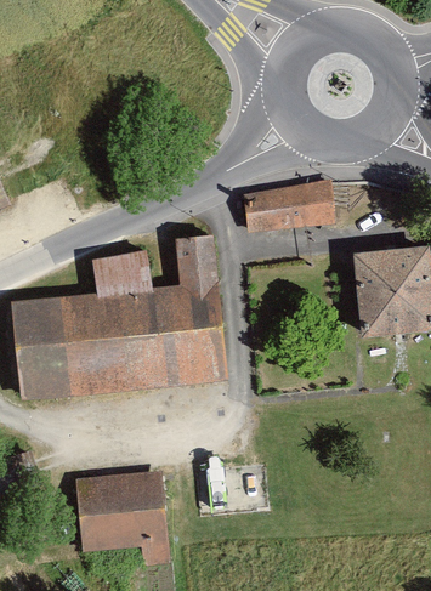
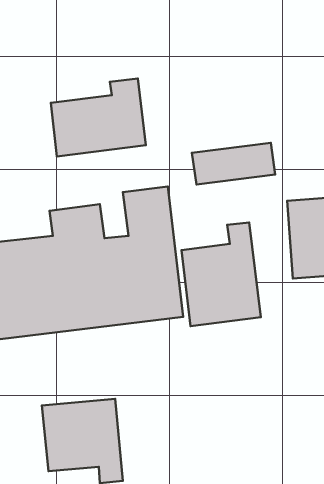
building: none -> [51,79,146,156]
building: none -> [182,222,261,326]

